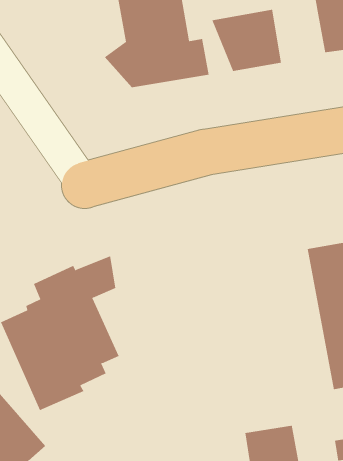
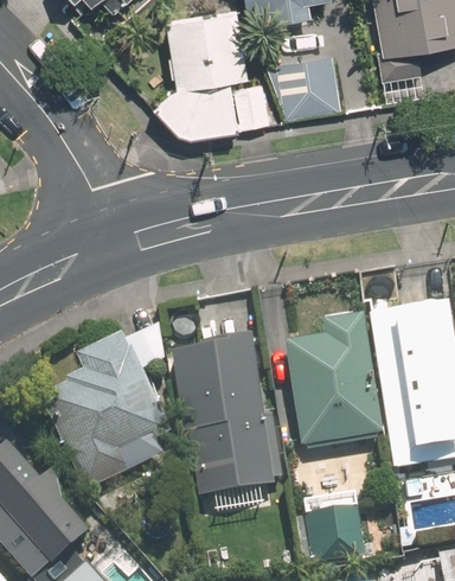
building: none -> [284,312,380,446]
building: none -> [172,328,275,502]

